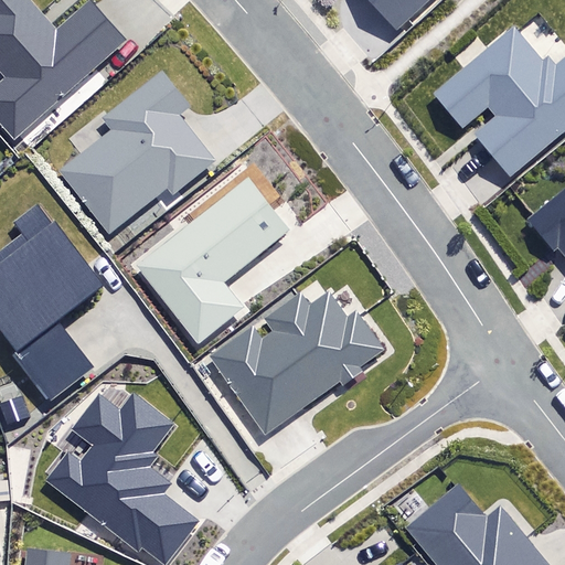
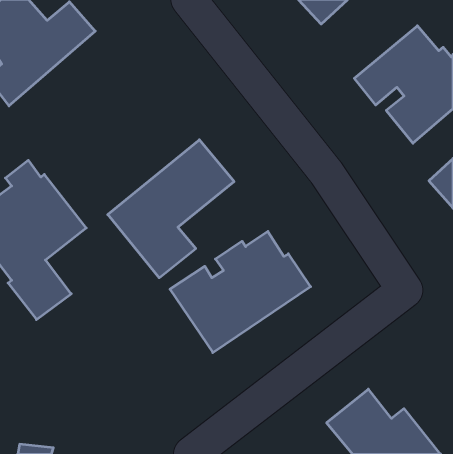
building: [62,76,218,237] -> none
building: [42,386,193,556] -> none

